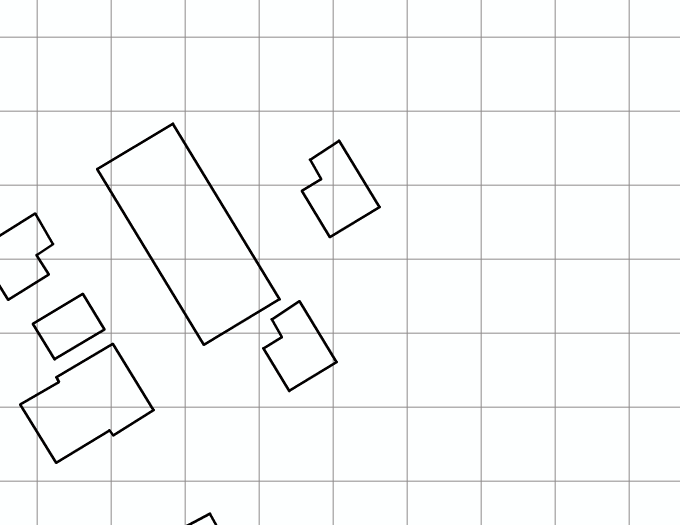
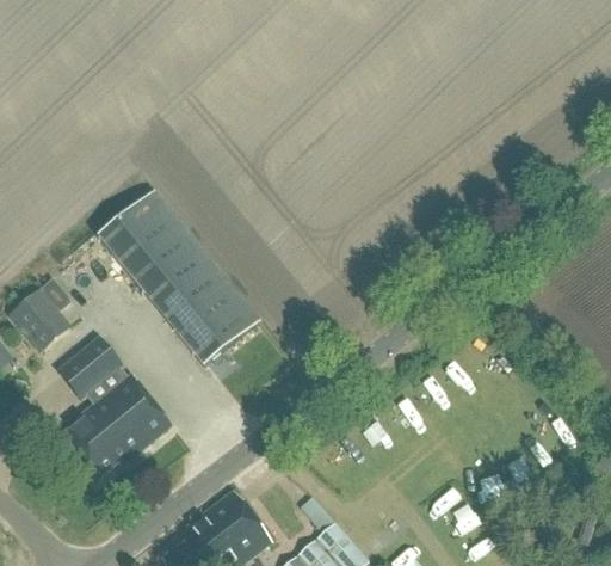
building: [302,141,380,237] -> none
building: [263,301,337,391] -> none

